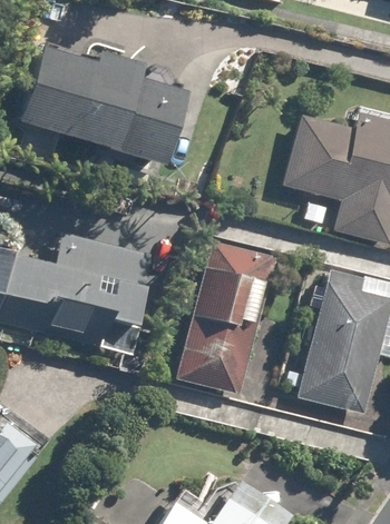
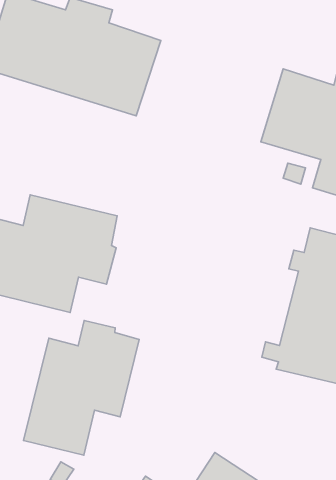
building: [181,241,275,393] -> none
building: none -> [24,321,139,455]

